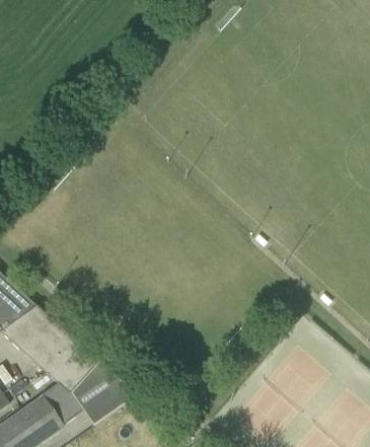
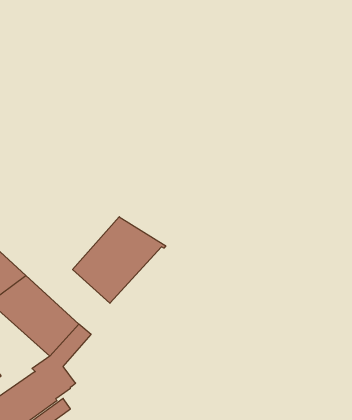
building: none -> [73,217,166,303]
building: [70,362,136,426] -> none

